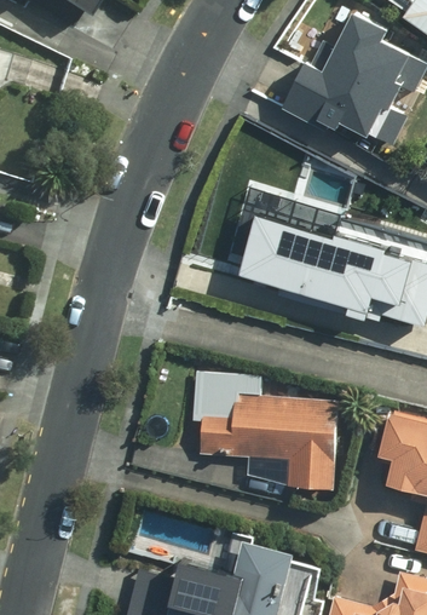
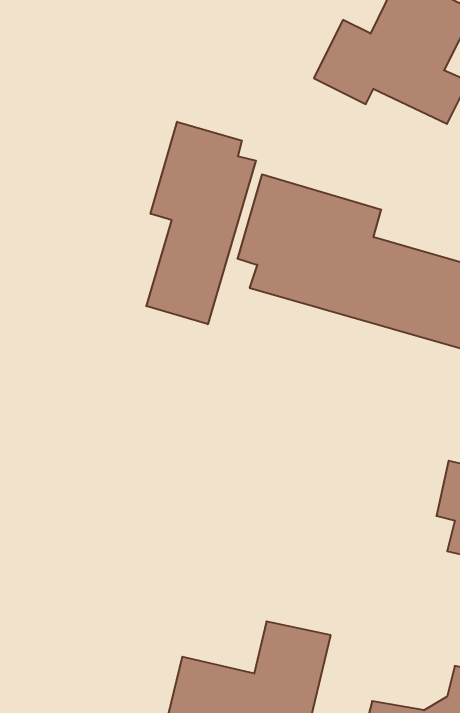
building: none -> [146,122,256,324]
building: [196,374,340,483] -> none

